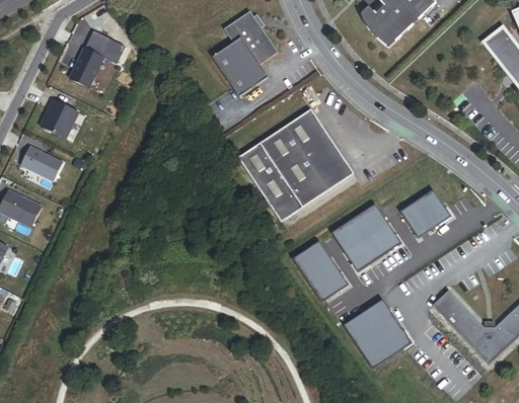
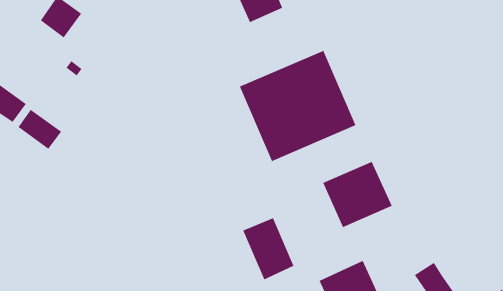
building: [20,145,63,180] -> [18,109,62,150]
building: [399,187,450,236] -> none
building: [292,240,347,301] -> [242,217,294,280]

